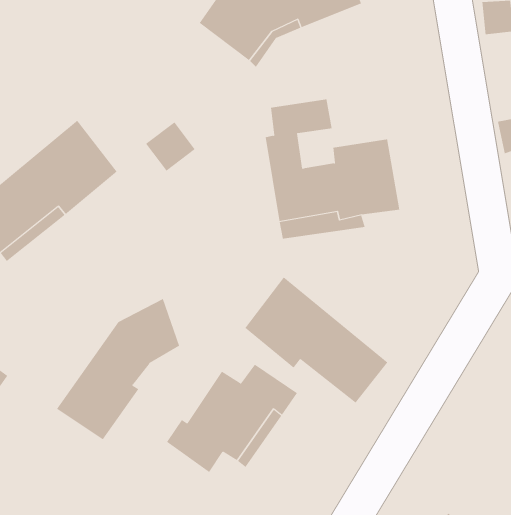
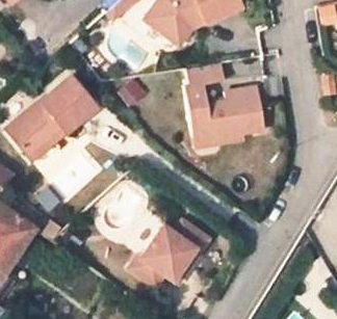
building: [244,277,388,403] -> none
building: [56,298,180,440] -> none

